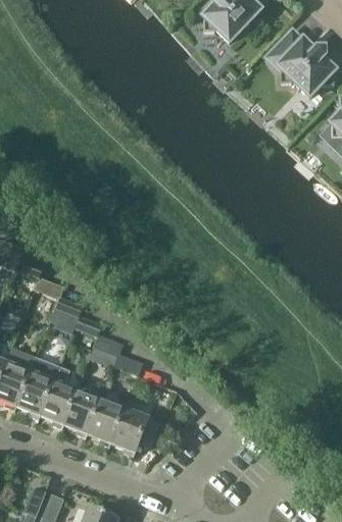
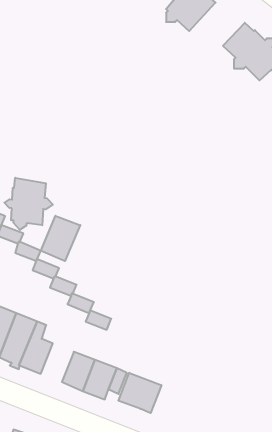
building: none -> [4,178,53,230]
building: none -> [41,216,80,261]
building: [63,390,100,433] -> none
building: none -> [118,373,161,413]

